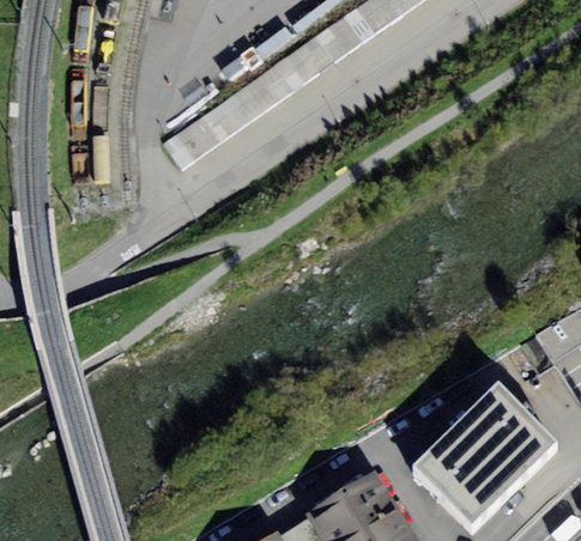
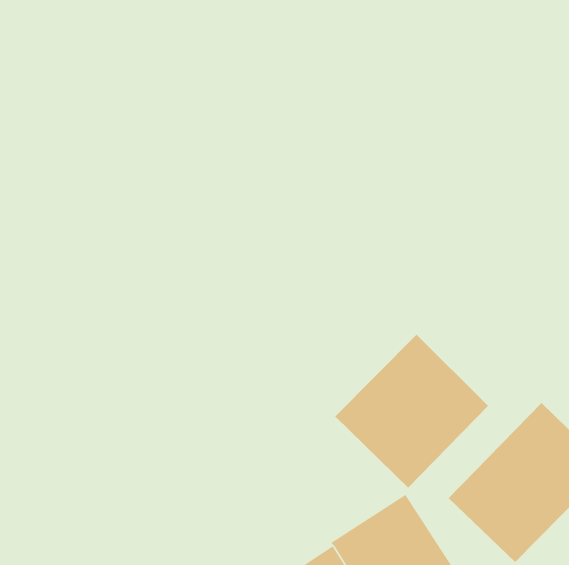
building: none -> [335,334,489,489]

